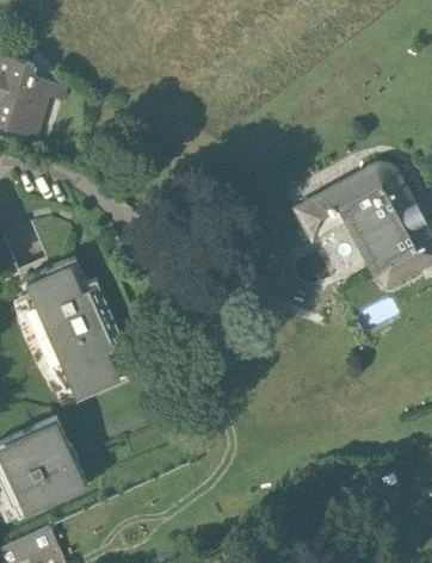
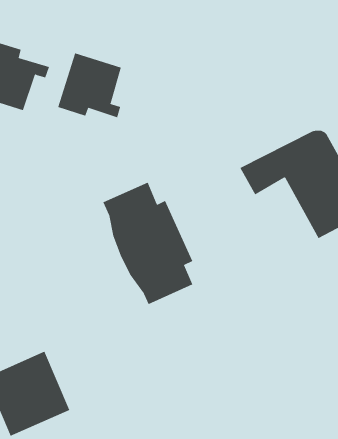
building: none -> [57,52,121,118]
building: [24,258,130,402] -> [102,182,193,305]

